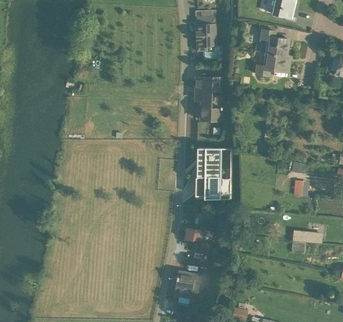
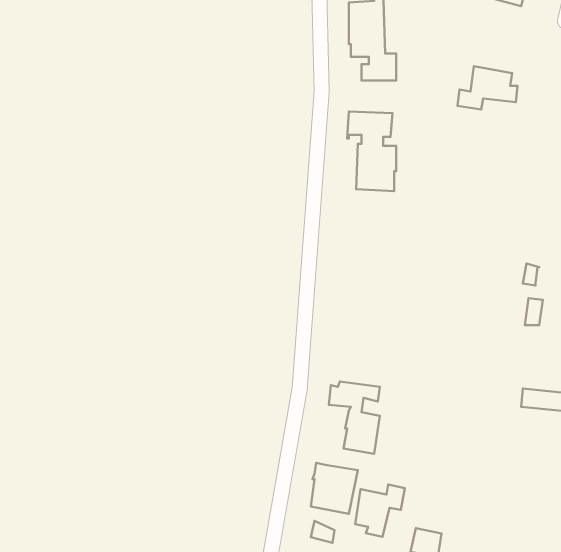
building: [260,30,288,56] -> none
building: [195,148,231,200] -> none
building: none -> [355,484,405,537]

